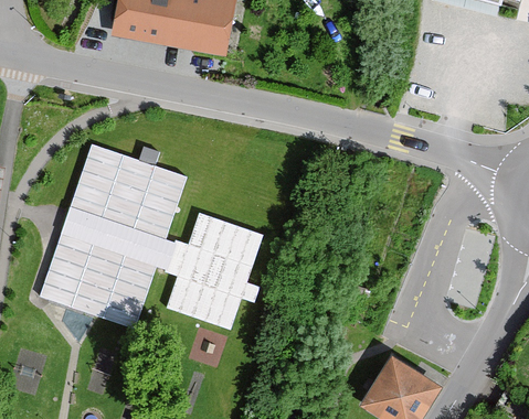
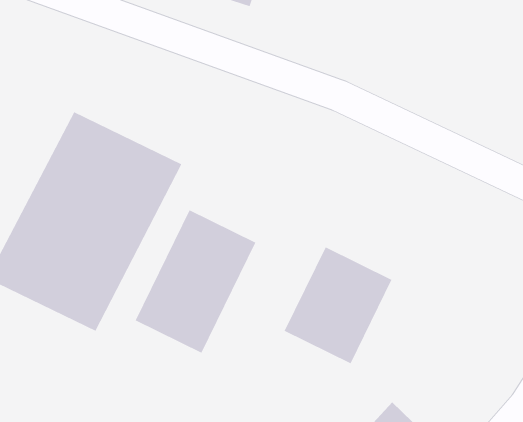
building: none -> [284,247,392,364]

